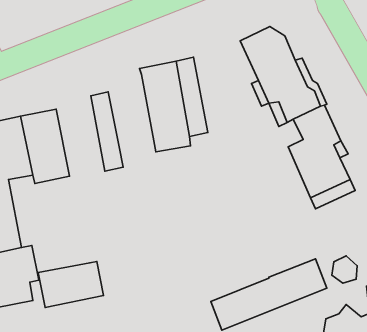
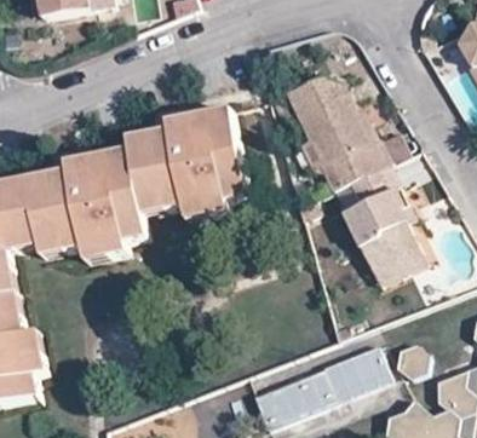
building: none -> [130,127,185,213]
building: none -> [68,152,128,260]
building: [38,262,104,307] -> none

